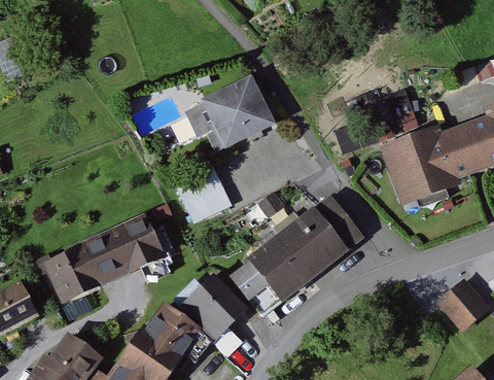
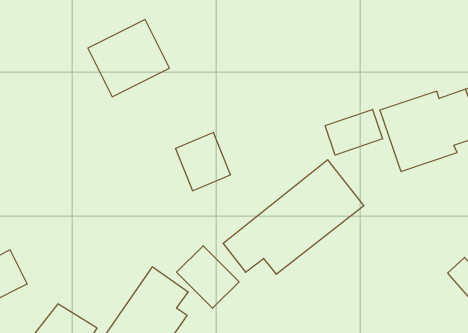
building: [192,74,272,149] -> [88,19,169,97]
building: none -> [325,109,383,155]
building: [48,214,166,302] -> none

